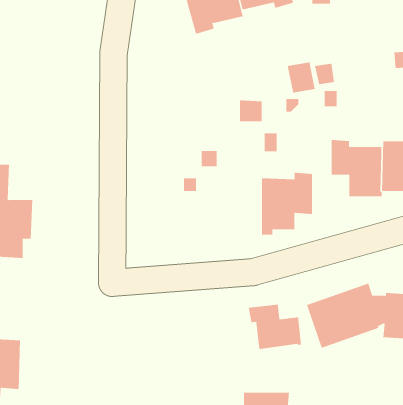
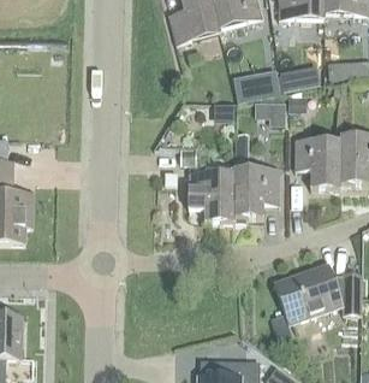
building: none -> [188,166,233,222]
building: [248,304,302,350] -> none

